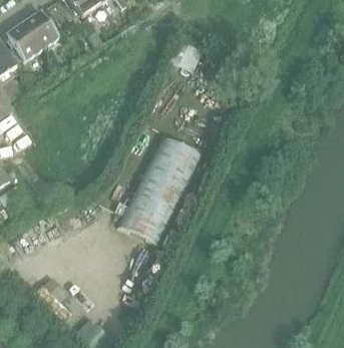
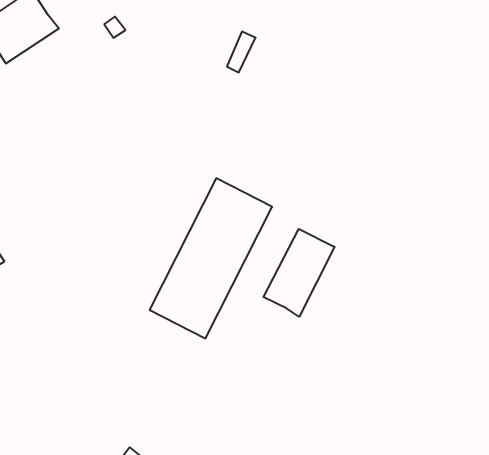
building: none -> [264,229,335,317]

